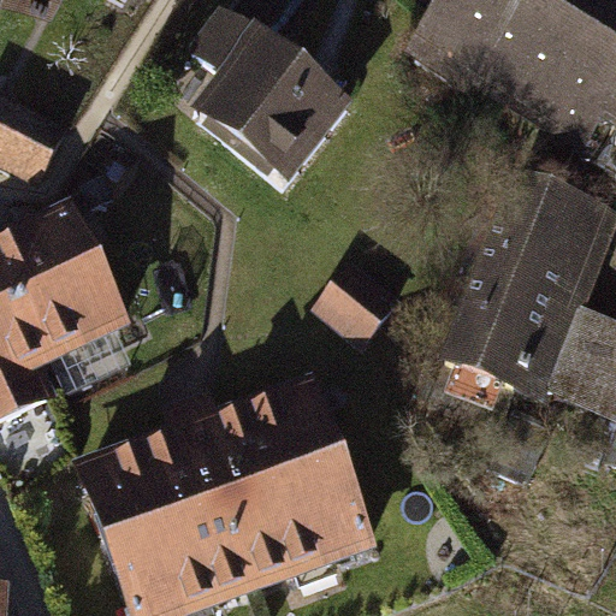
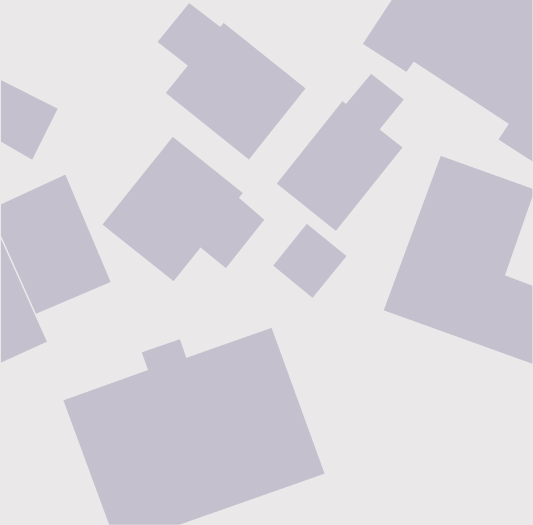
building: none -> [276,73,405,232]
building: none -> [101,136,265,282]

